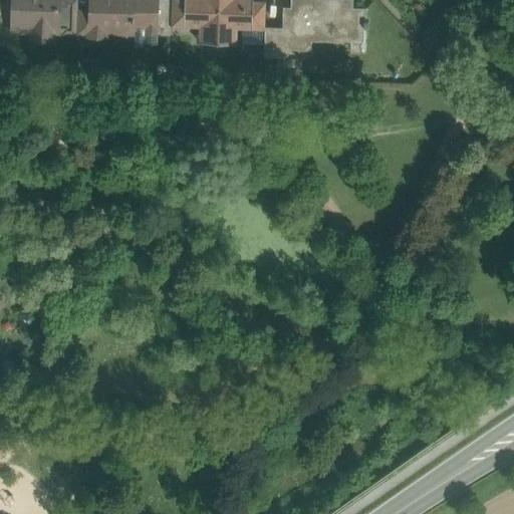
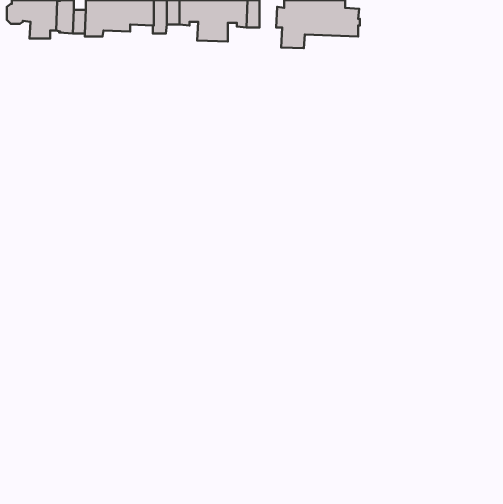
building: [263,27,287,56] -> none

